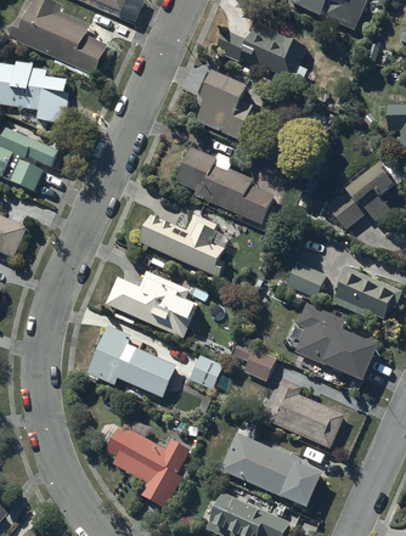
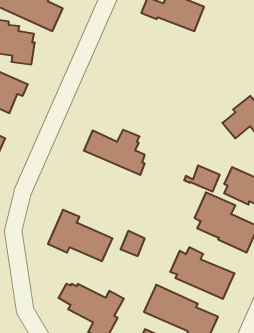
building: [196,72,253,137] -> none
building: [177,147,276,225] -> none
building: [106,271,198,338] -> none
building: [233,342,277,380] -> none

